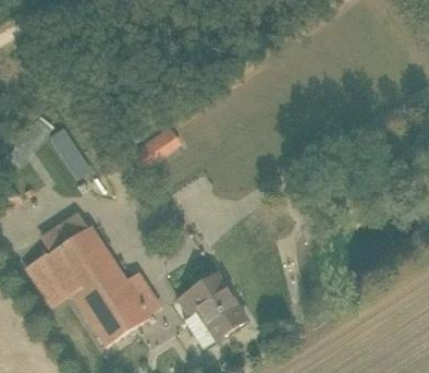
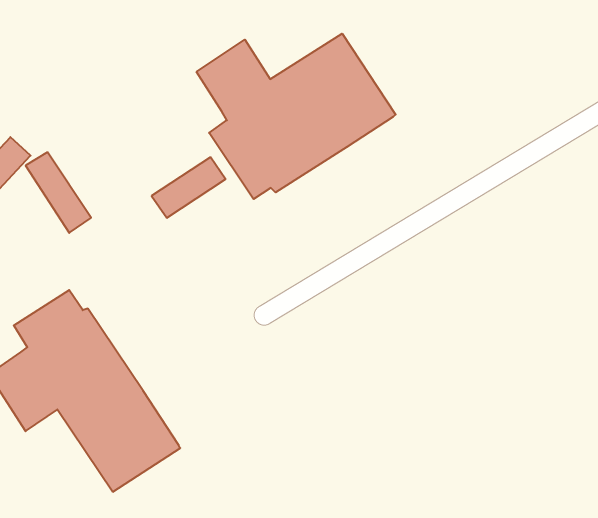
building: none -> [197,34,396,199]
building: [180,272,247,346] -> none

